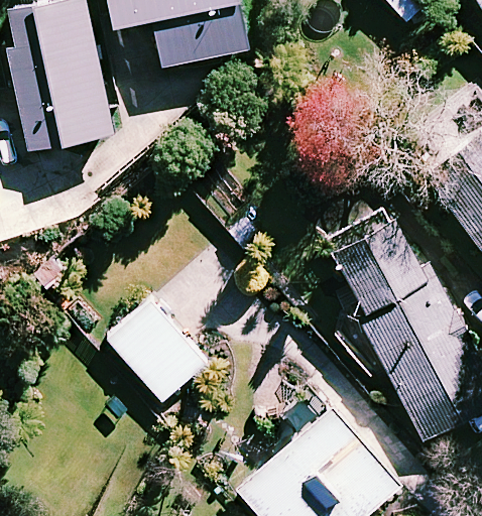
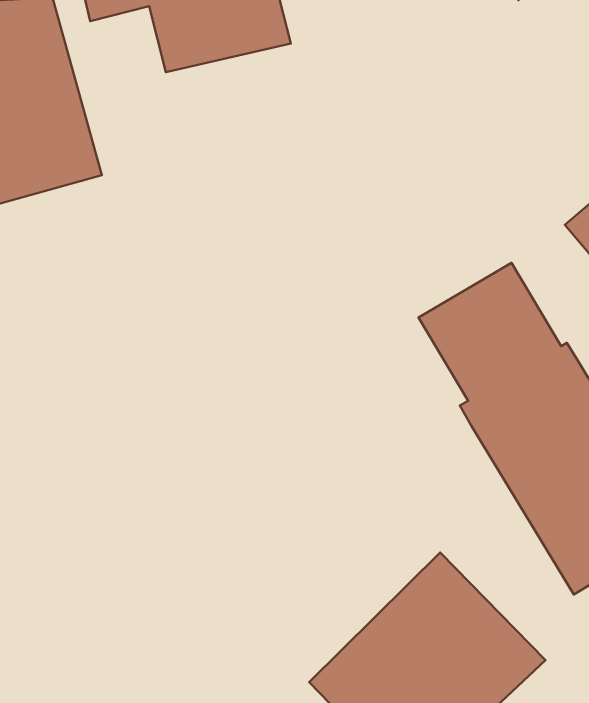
building: [109,305,204,403] -> none

